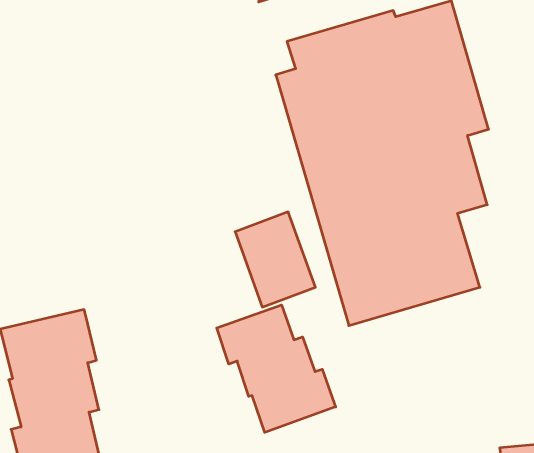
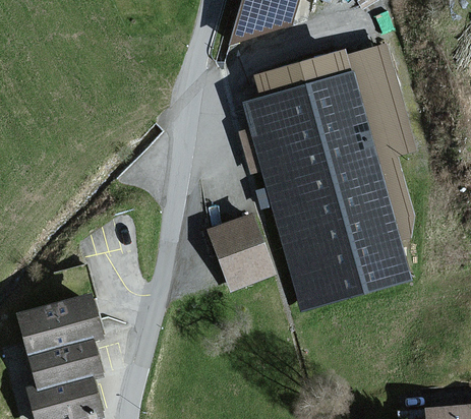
building: [217,305,336,432] -> none

